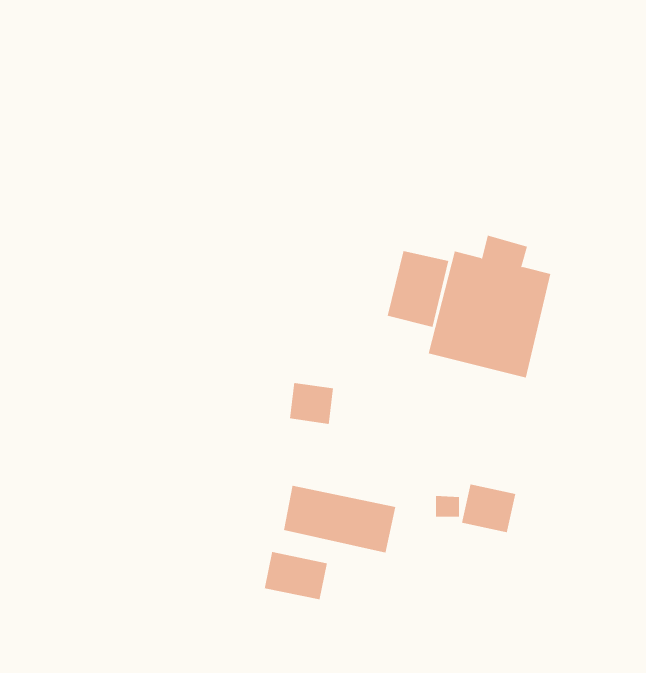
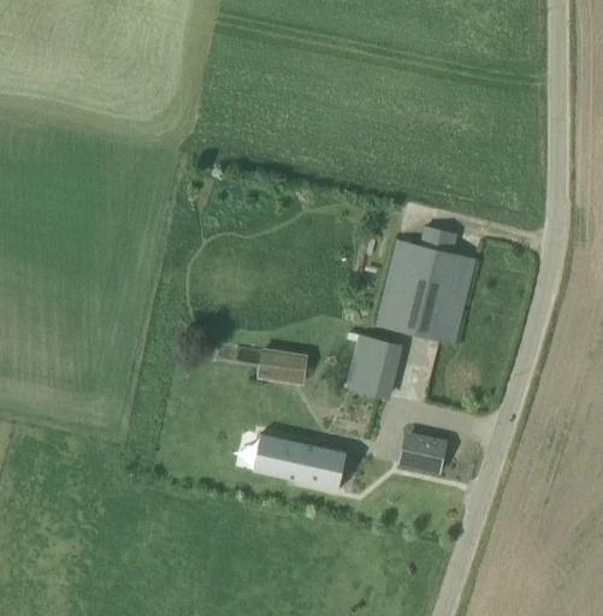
building: [387,251,449,327] -> [355,330,407,393]
building: [264,551,328,600] -> none

